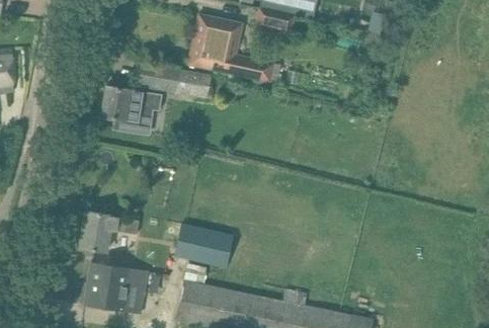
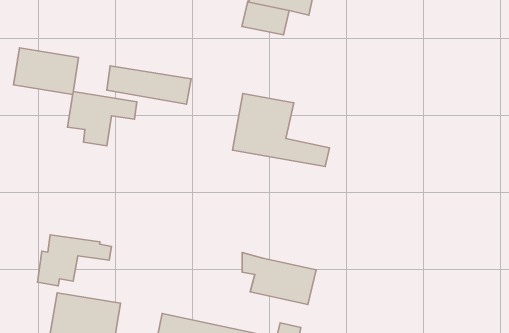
building: [189,15,274,79] -> [233,94,330,166]
building: none -> [13,48,79,95]
building: [167,221,232,266] -> [242,252,316,305]

